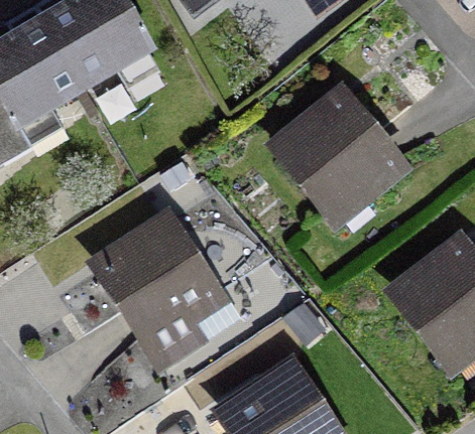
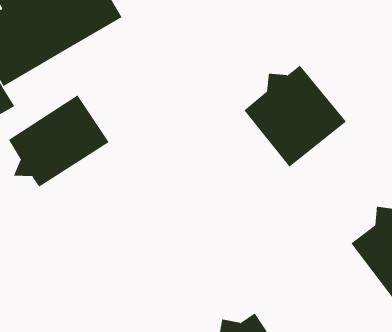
building: none -> [8,95,109,187]
building: [102,228,214,364] -> none

